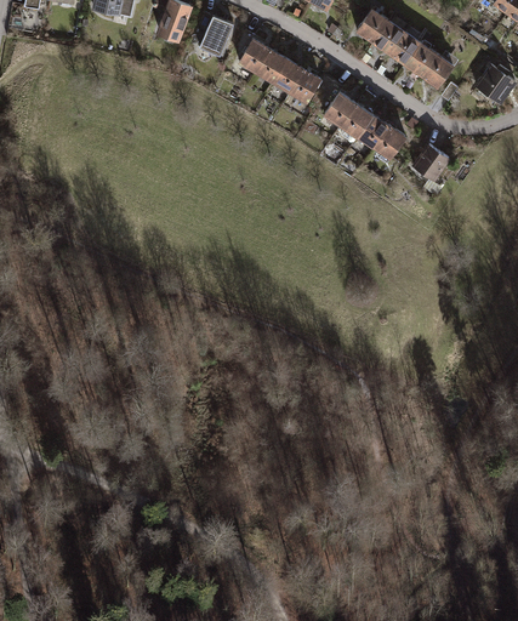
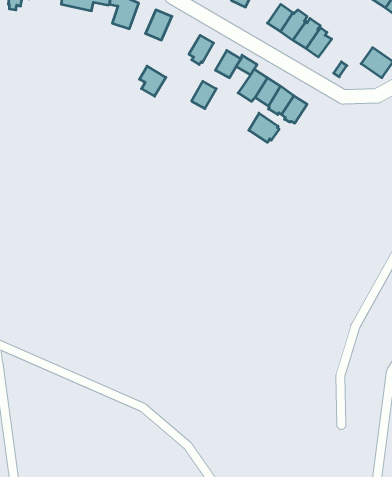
building: [235,33,269,72] -> [139,66,166,96]
building: [421,50,457,87] -> none
building: [272,57,303,92] -> [192,81,216,109]
building: [411,142,450,181] -> none
building: none -> [249,113,279,142]

